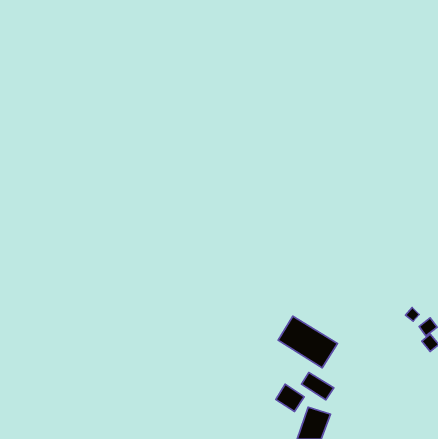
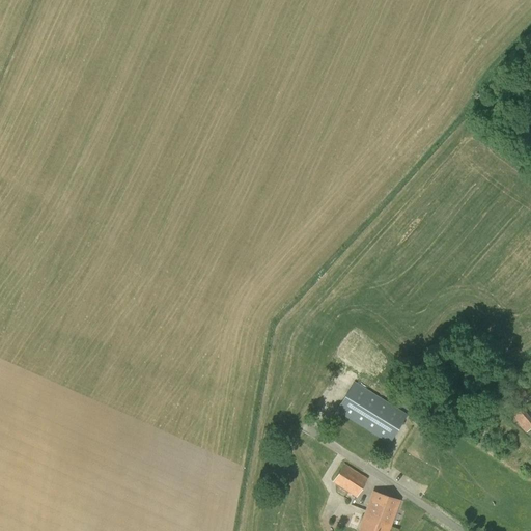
building: [301,372,334,400] -> none

